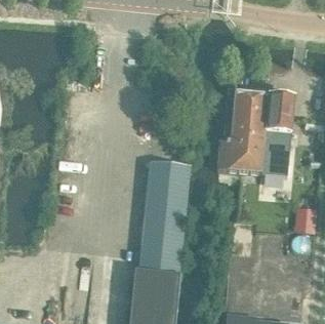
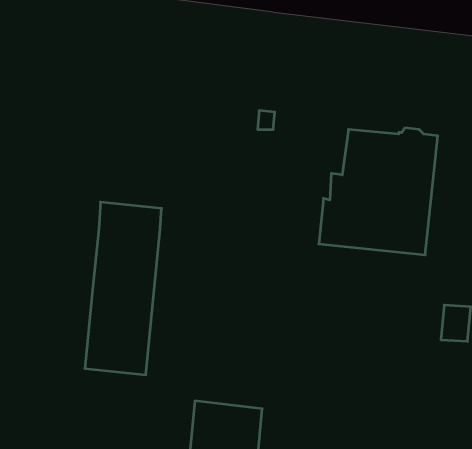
building: [139,162,190,275] -> [85,202,162,375]

